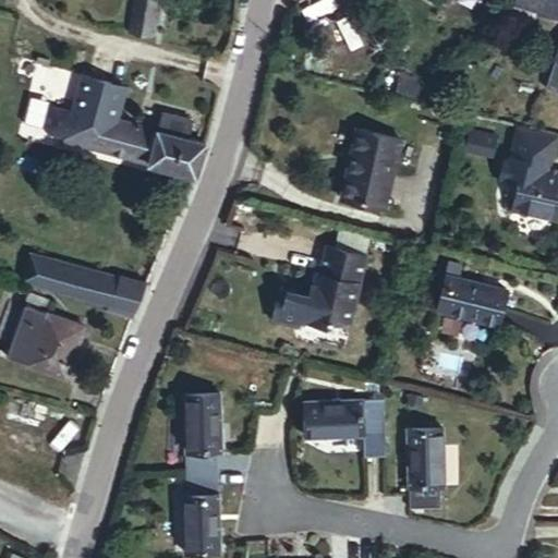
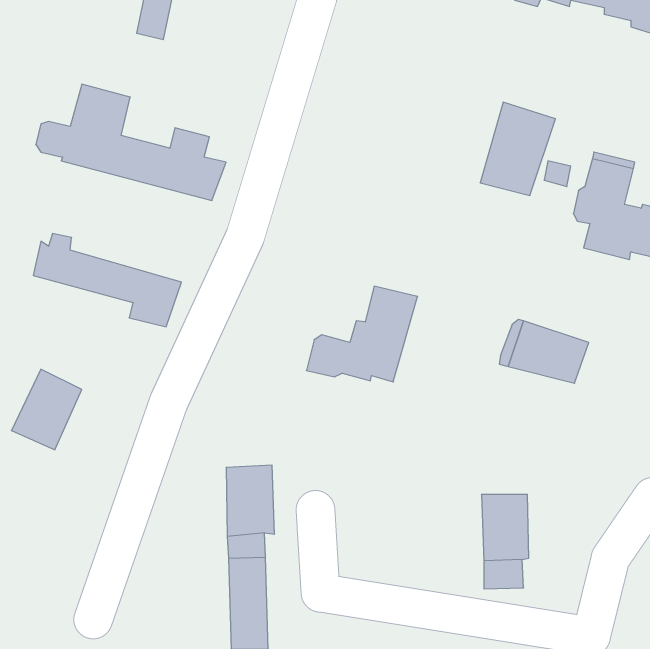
building: [339,125,403,205] -> [480,102,555,195]
building: [12,245,138,325] -> [33,234,181,327]
building: [311,398,390,453] -> none

